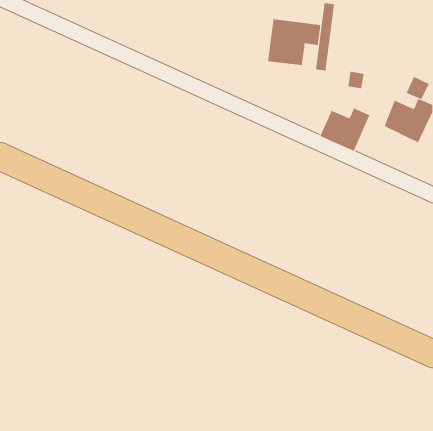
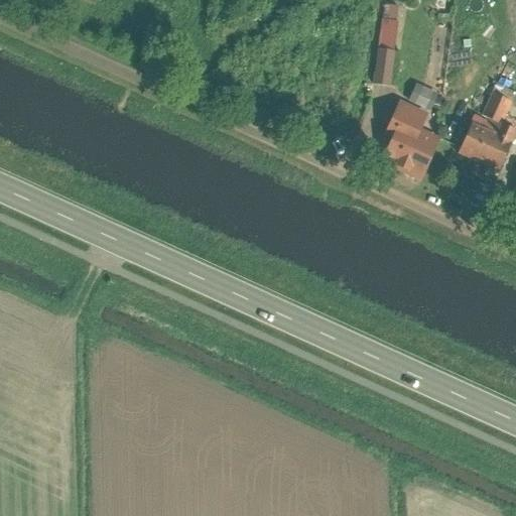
building: [268,18,321,66] -> none
building: none -> [385,98,427,140]

